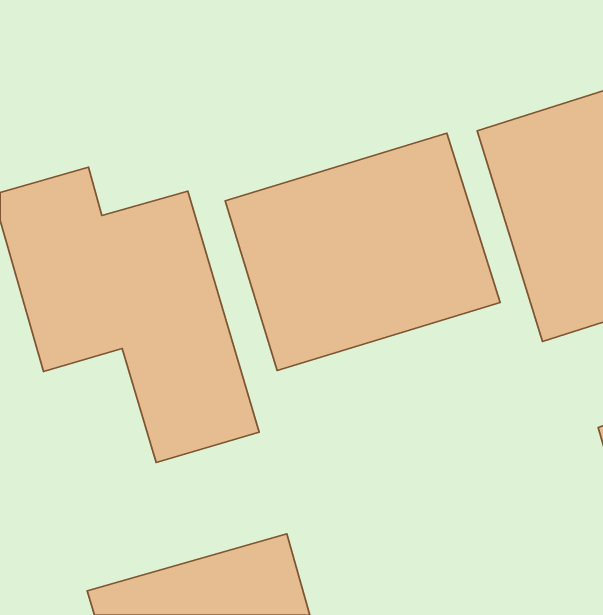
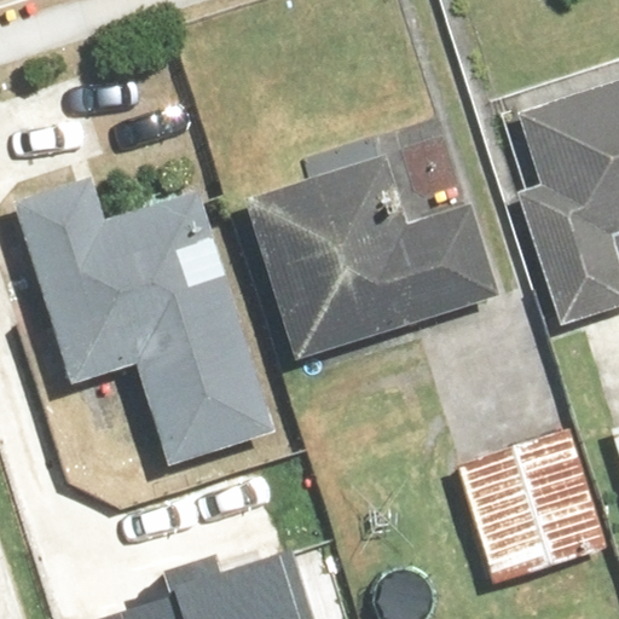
building: none -> [456,427,613,588]

